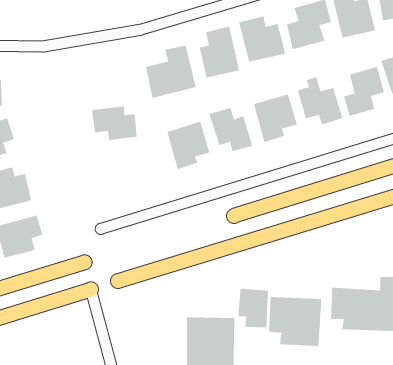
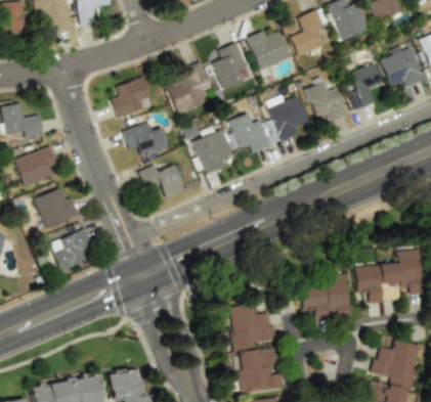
building: none -> [111,77,152,119]
building: none -> [139,162,185,199]
building: [238,288,269,328] -> none

